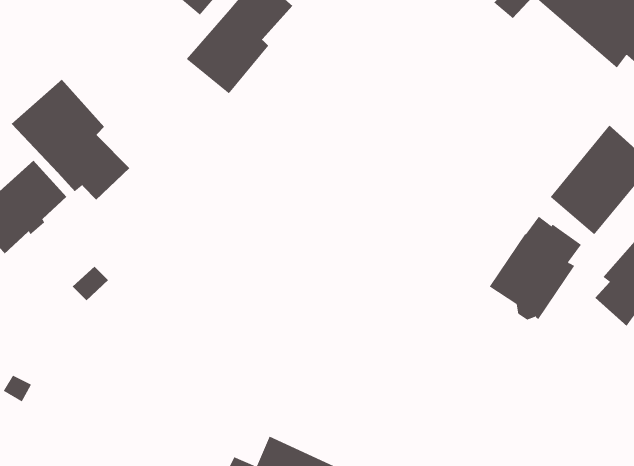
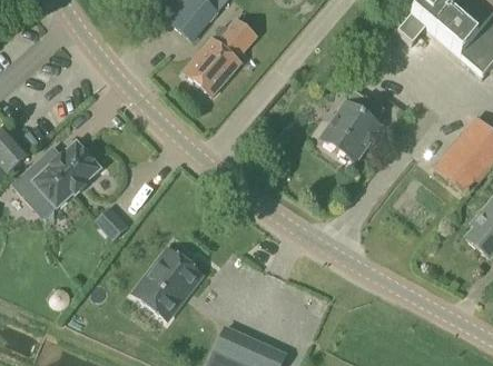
building: [11,79,130,200] -> none
building: [489,216,582,320] -> [319,89,384,161]
building: none -> [132,247,201,319]

